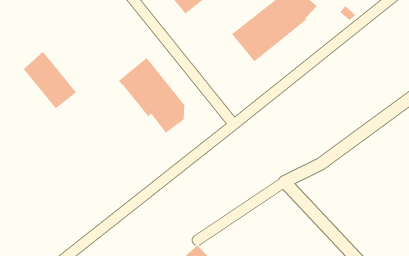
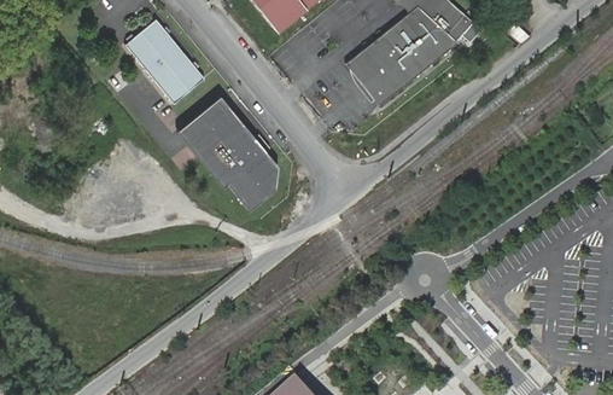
building: [23,51,77,109] -> [123,18,203,104]

